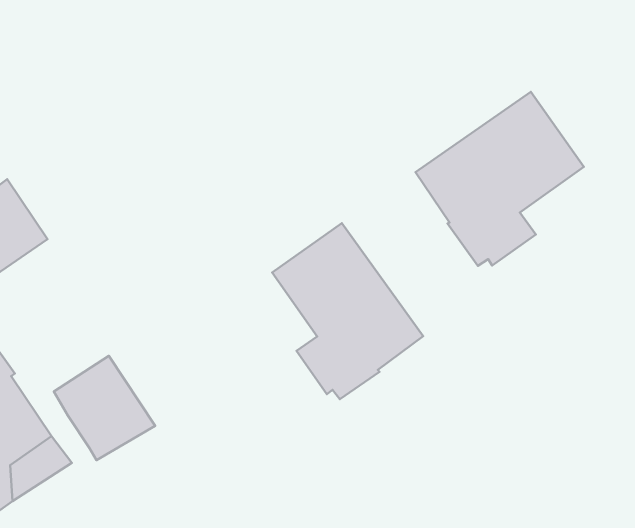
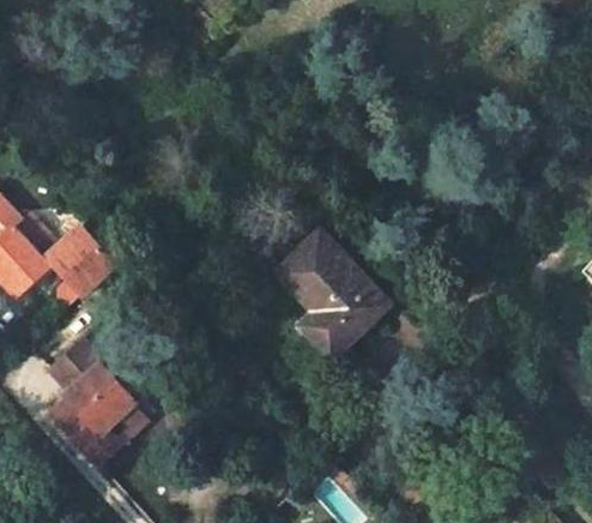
building: [415,92,584,266] -> none
building: [54,356,155,460] -> none

